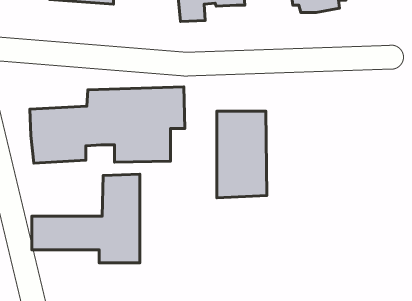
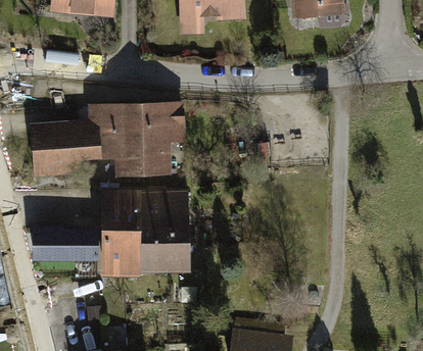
building: [217,111,267,198] -> [141,188,191,274]

